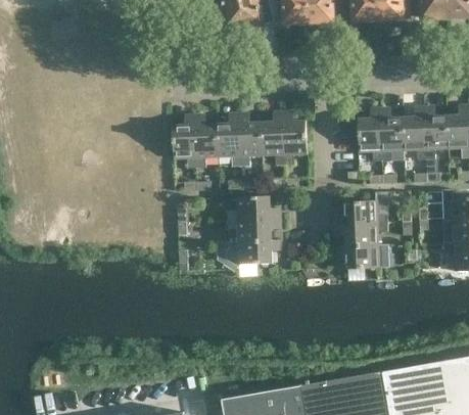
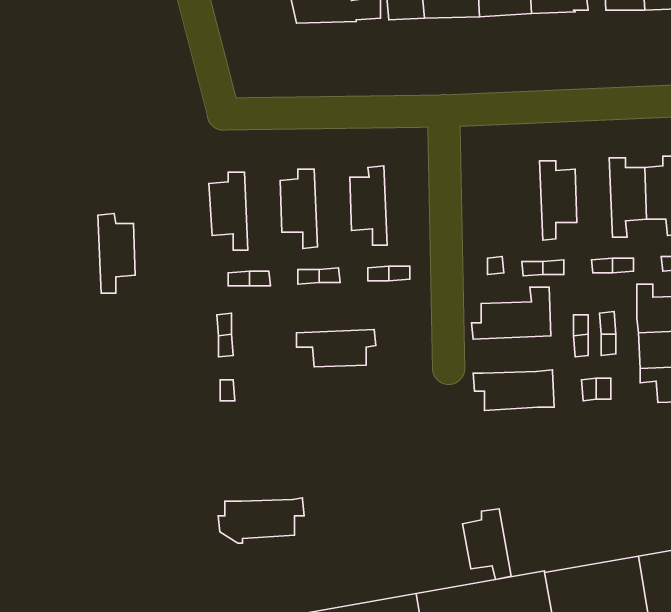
building: [403,109,426,159] -> none
building: [358,111,382,162] -> none
building: [282,114,307,165] -> none
building: [238,117,262,166] -> none
building: [194,118,218,168] -> [98,214,135,293]
building: [227,195,276,220] -> none
building: [338,222,387,245] -> none
building: [224,239,278,268] -> [218,498,304,543]
building: none -> [462,509,511,580]

